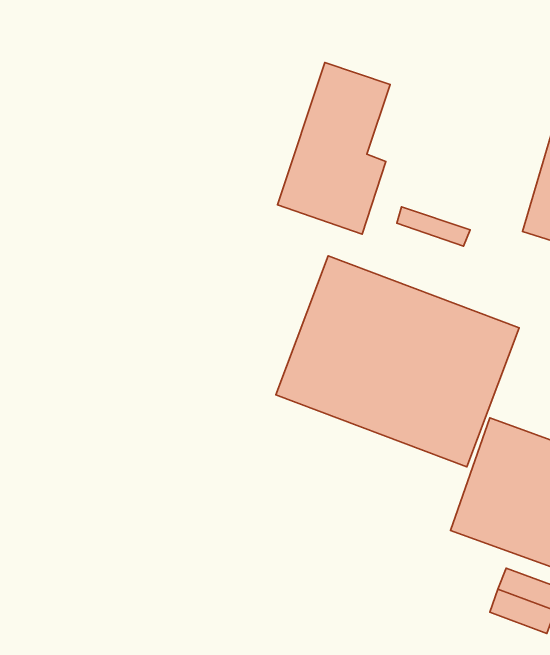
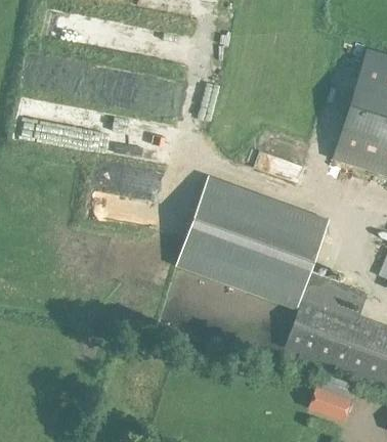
building: [277,63,390,234] -> none

